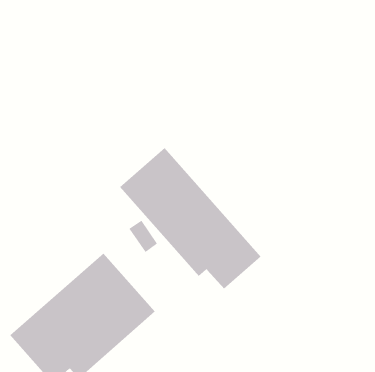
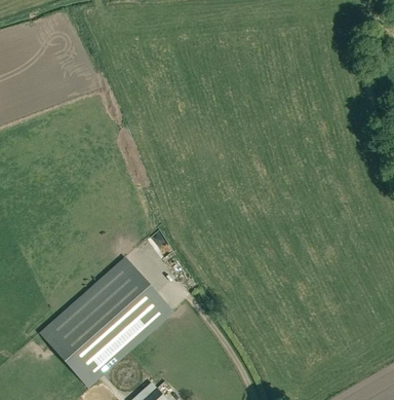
building: [119,147,261,290] -> none

